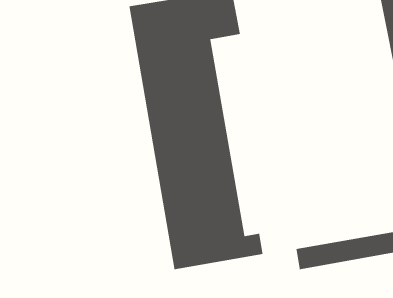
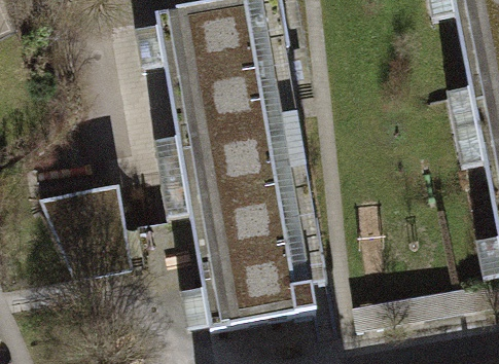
building: none -> [43,184,136,277]

